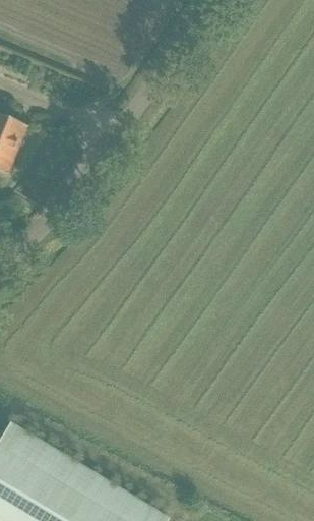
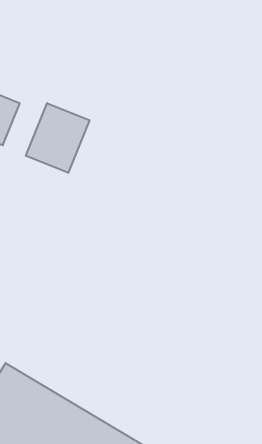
building: none -> [26,103,89,173]

